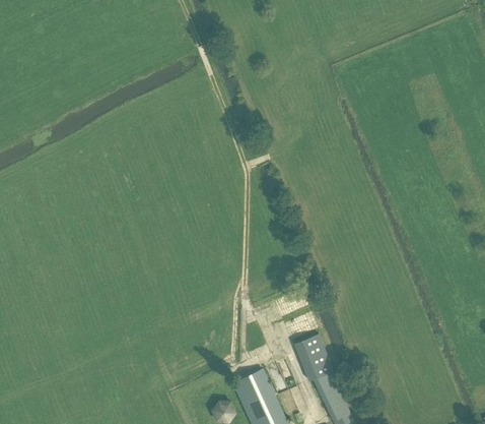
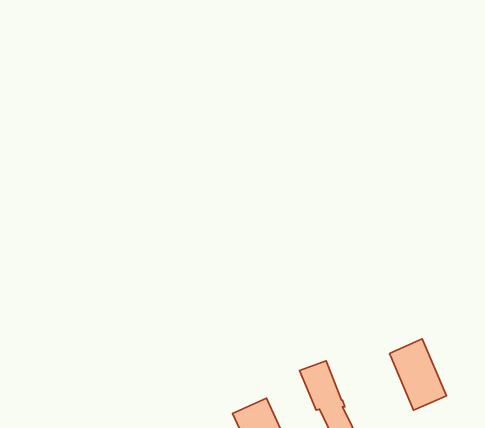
building: none -> [389,339,447,410]

